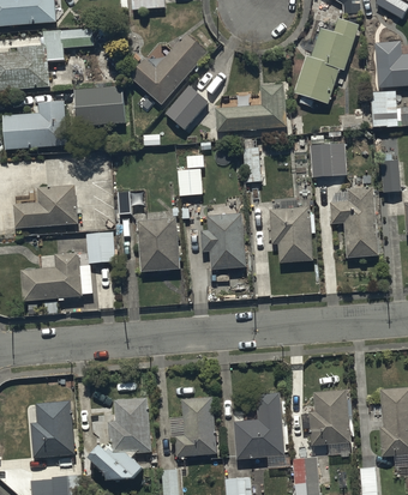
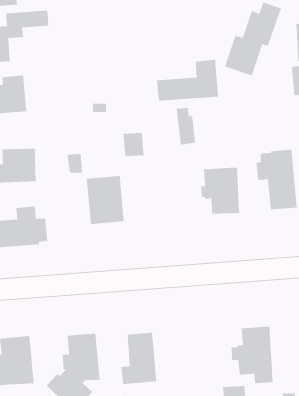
building: [127,34,208,107] -> none
building: [166,85,212,133] -> none
building: [74,86,125,126] -> none
building: [310,144,346,176] -> none
building: [200,213,245,268] -> none
building: [85,233,114,264] -> none
building: [234,393,283,459] -> none

